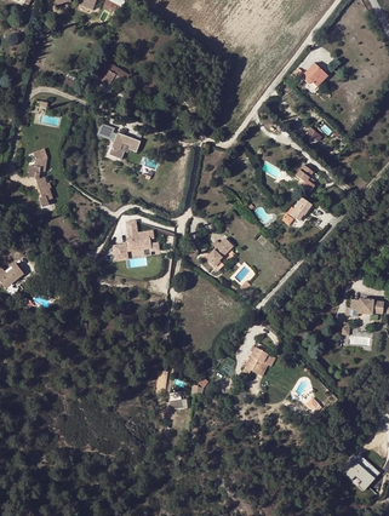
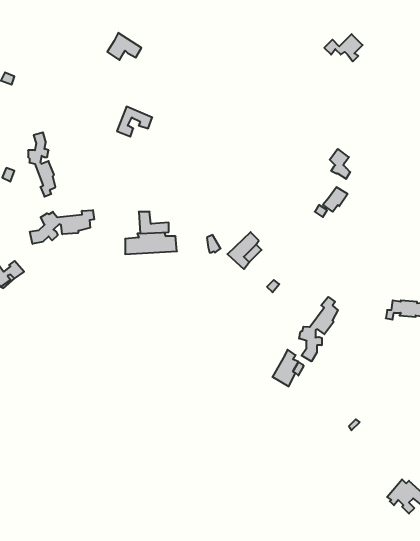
building: none -> [30,210,94,244]
building: none -> [299,297,338,361]

